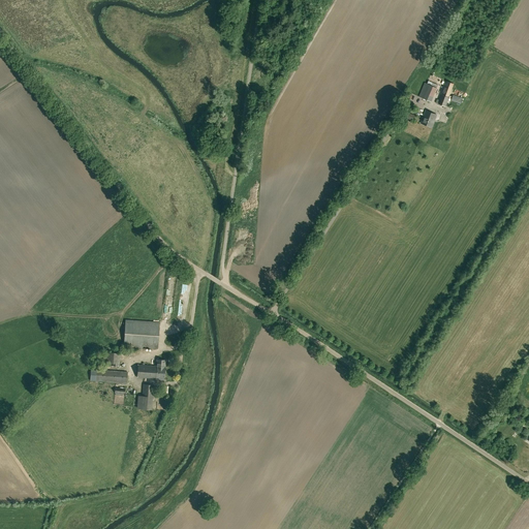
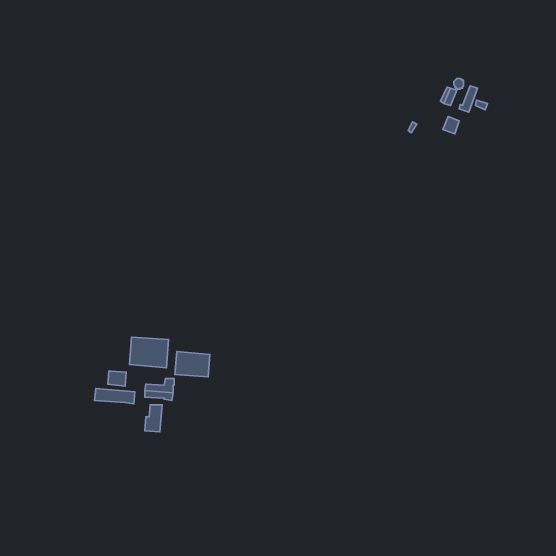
building: none -> [175,351,210,377]

